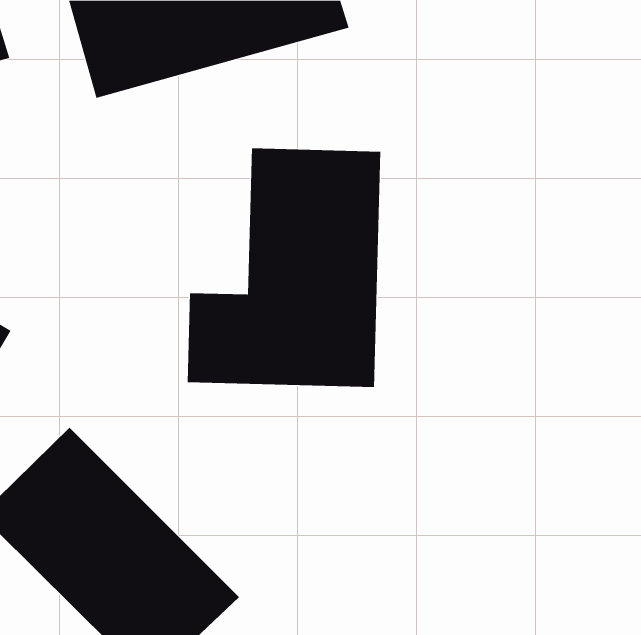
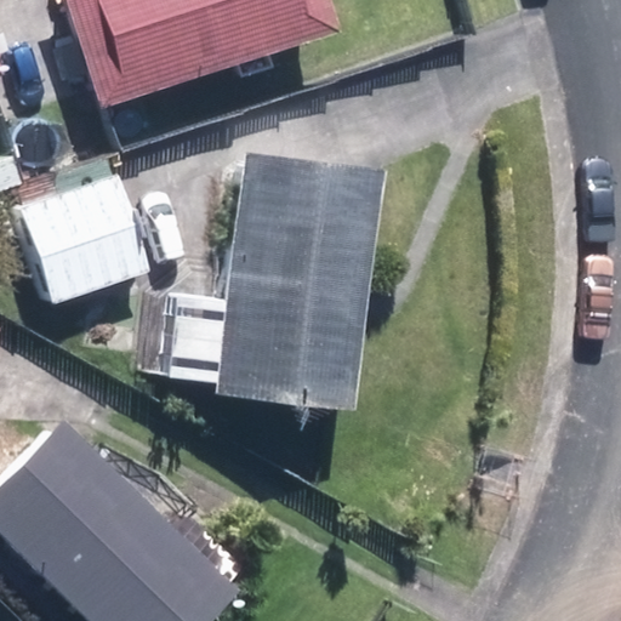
building: none -> [25,181,147,306]

